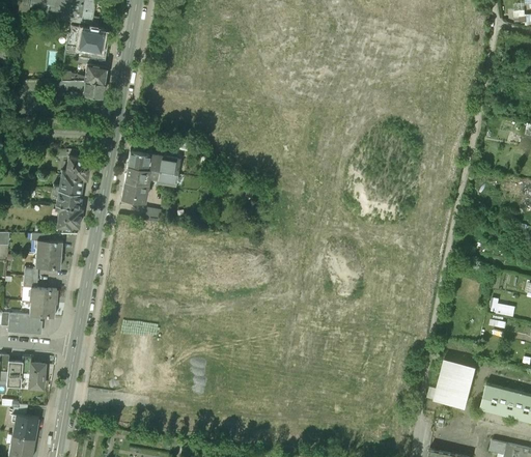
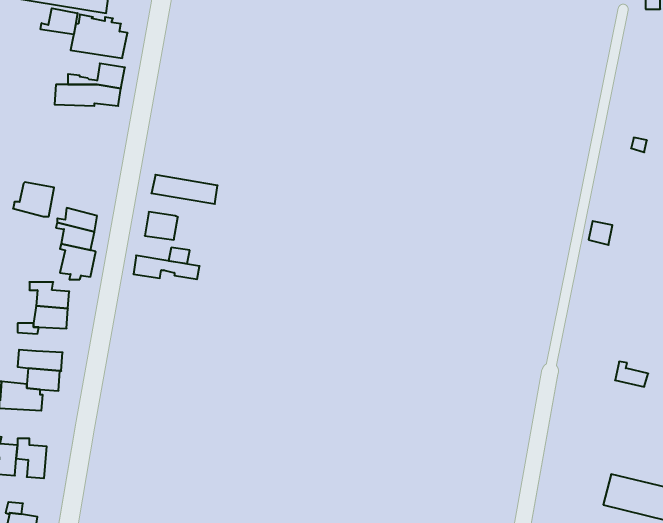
building: none -> [41,8,78,34]
building: [60,156,92,183] -> [13,182,54,217]
building: [124,166,176,184] -> [133,255,200,279]
building: [434,360,476,408] -> none

